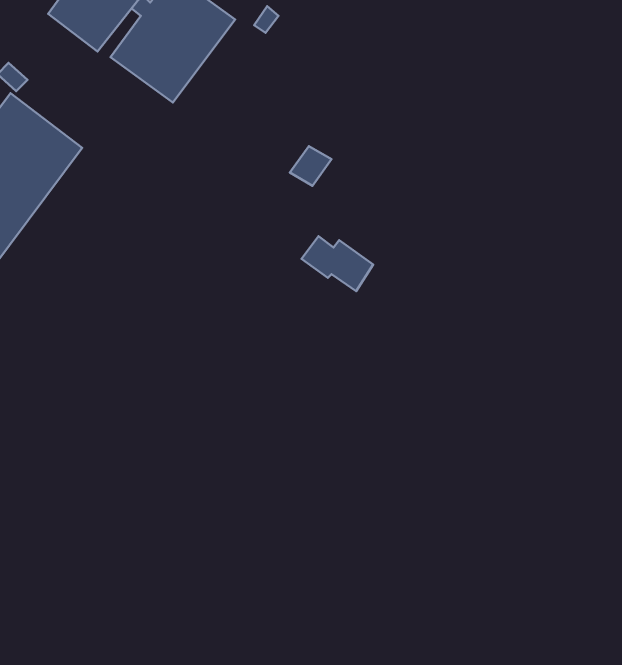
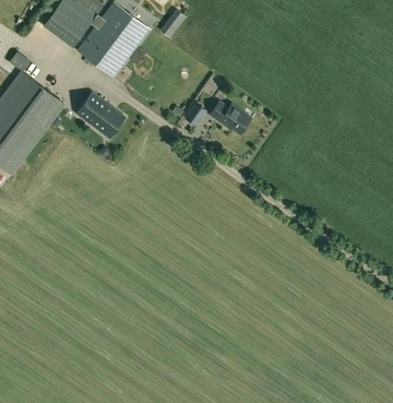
building: none -> [75,91,124,138]
building: [301,236,373,291] -> [209,100,250,132]

